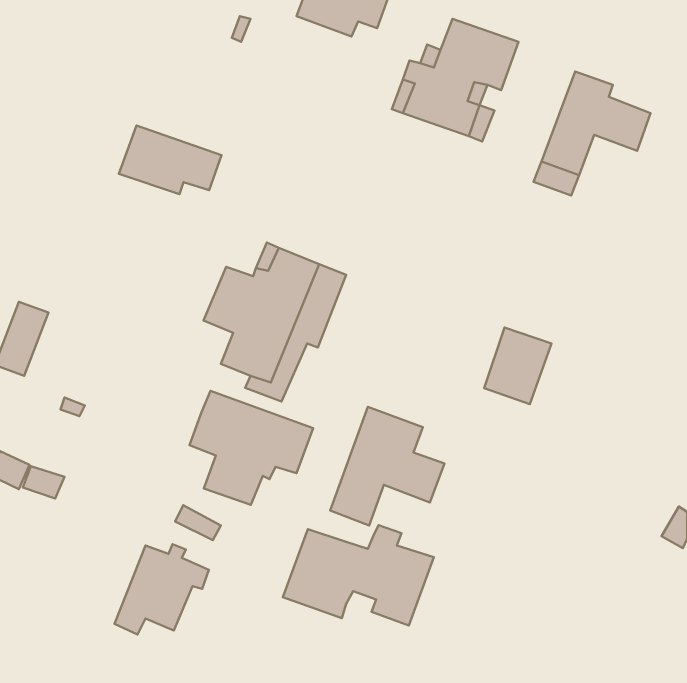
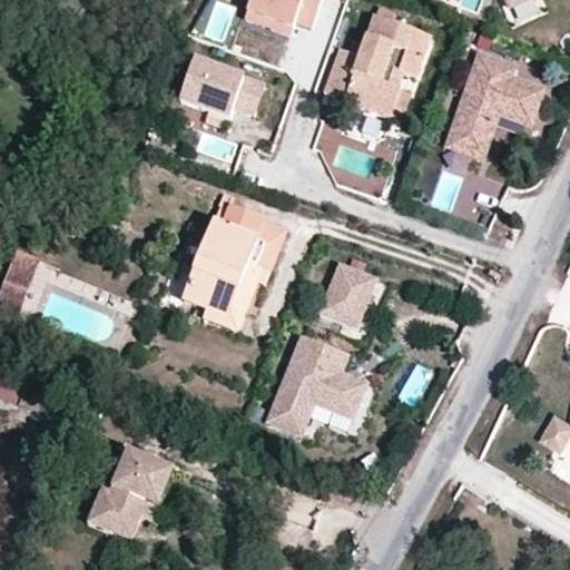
building: [119,125,221,194] -> [181,59,266,116]
building: [484,327,552,404] -> [321,263,376,326]
building: [189,391,313,505] -> none
building: [283,525,434,625] -> none

